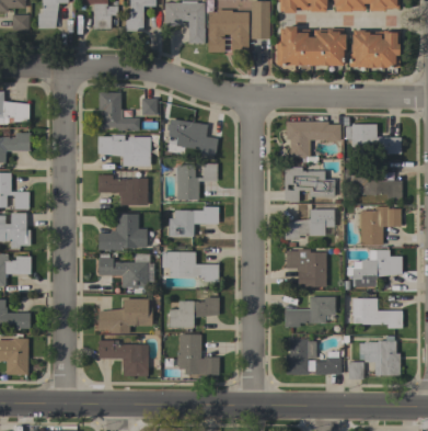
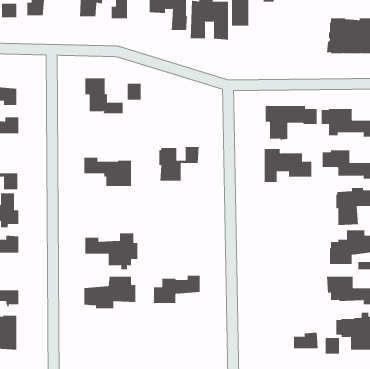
building: [276,25,347,66] -> none
building: [166,118,218,156] -> none
building: [97,135,150,167] -> none
building: [169,206,219,236] -> none
building: [282,209,334,241] -> none
building: [99,214,147,249] -> none
building: [286,249,326,286] -> none
building: [162,251,219,282] -> none
building: [286,296,335,327] -> none
building: [177,333,219,374] -> none
building: [99,338,148,376] -> none
building: [286,339,316,374] -> none

